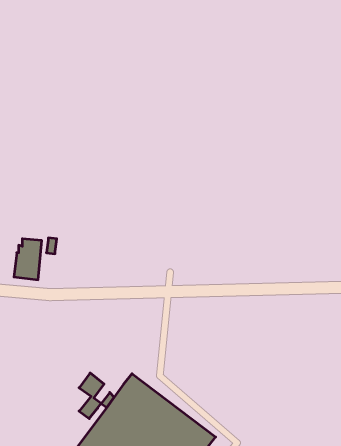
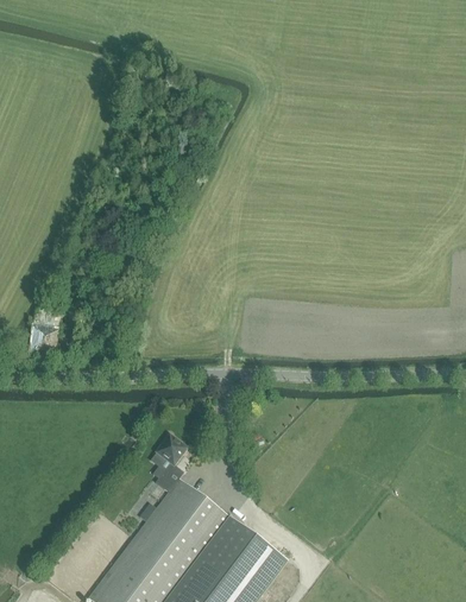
building: [79,373,104,419] -> [155,436,187,494]

